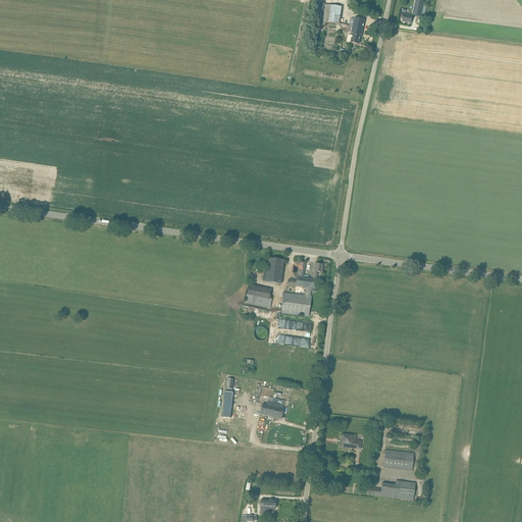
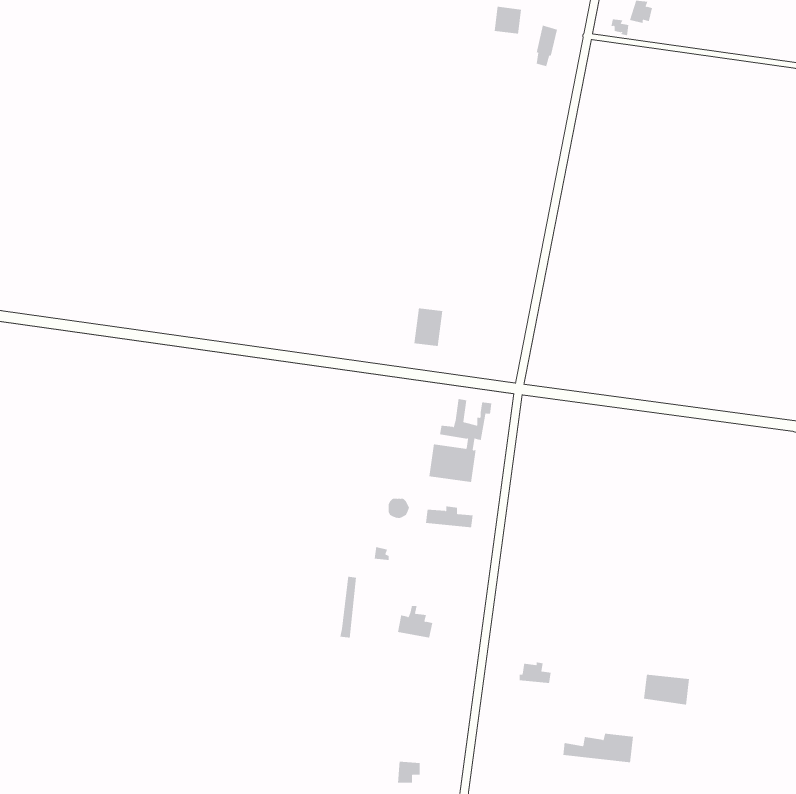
building: [265,257,284,282] -> [413,308,443,347]
building: [245,283,272,308] -> none
building: [383,450,414,470] -> [643,674,690,705]

